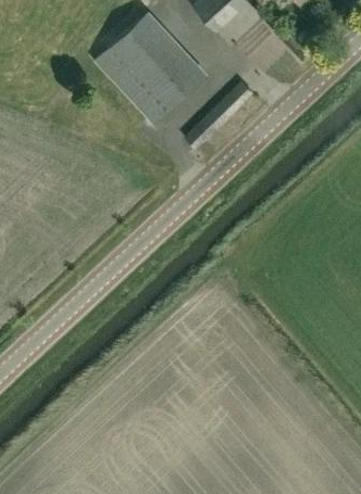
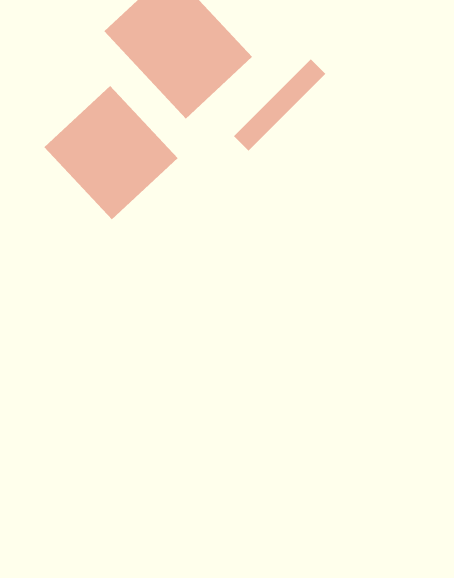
building: none -> [44,85,178,220]

